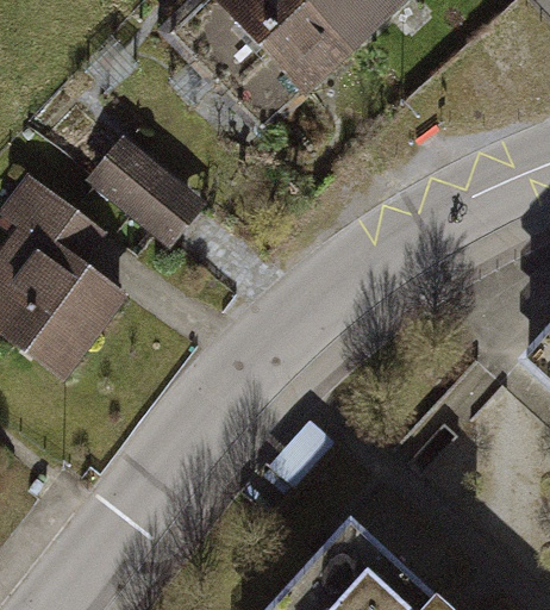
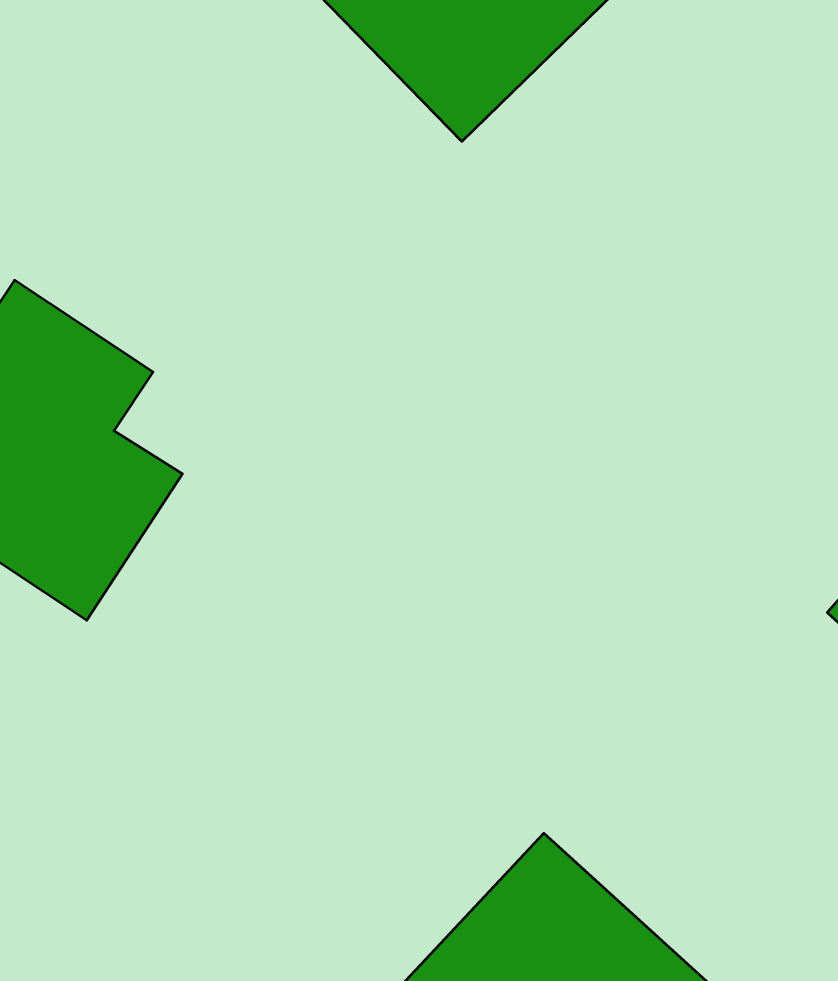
building: [79,129,202,245] -> none

